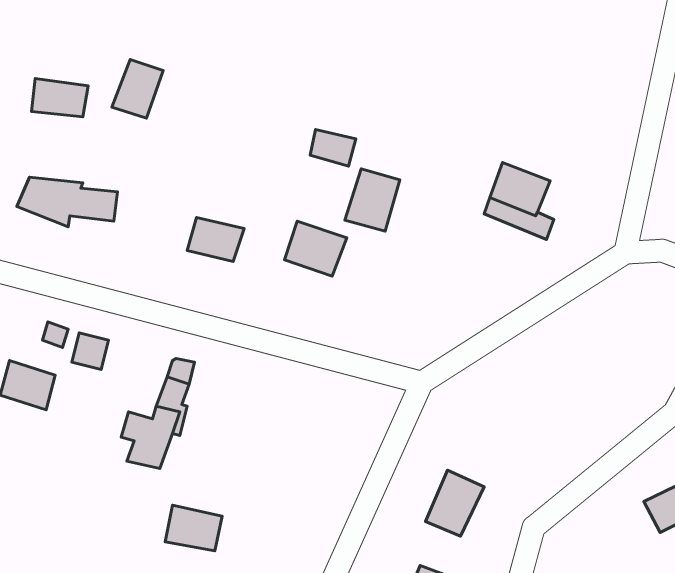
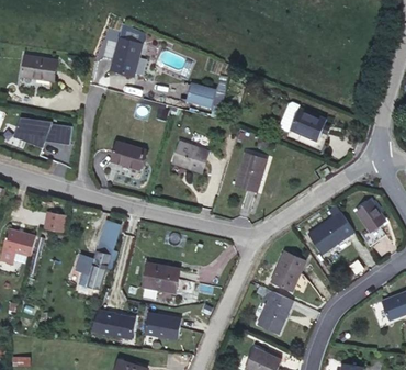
building: [112,60,163,118] -> [111,40,142,75]
building: [345,169,400,231] -> [234,154,267,191]
building: none -> [360,198,385,240]
building: none -> [308,211,350,251]
building: none -> [270,250,302,288]
building: none -> [140,264,179,300]
building: none -> [143,312,180,339]

